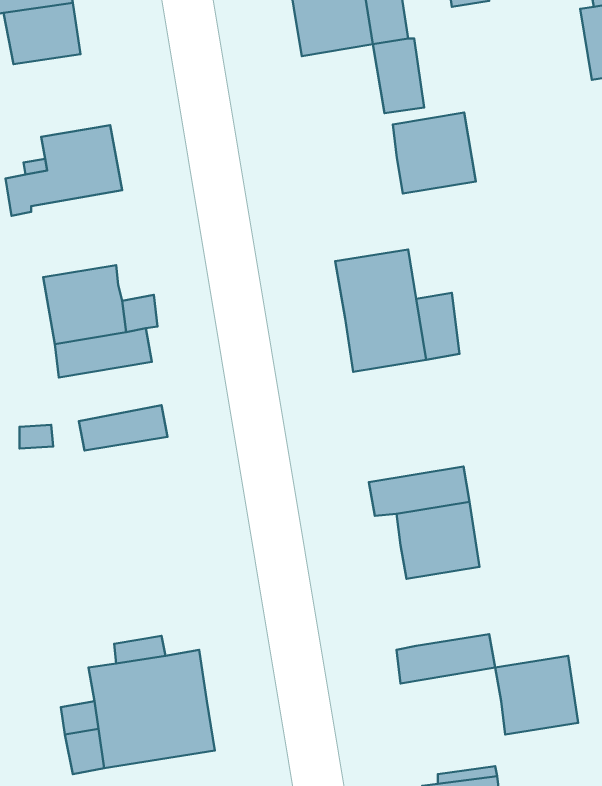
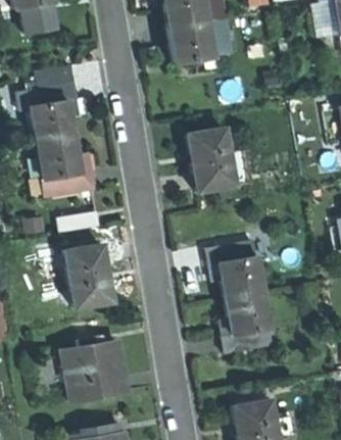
building: [393,113,476,193] -> [172,25,214,66]
building: none -> [32,99,88,145]
building: none -> [64,241,111,305]
building: [495,656,578,735] -> [226,295,269,336]

